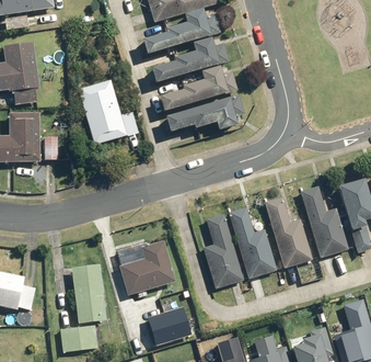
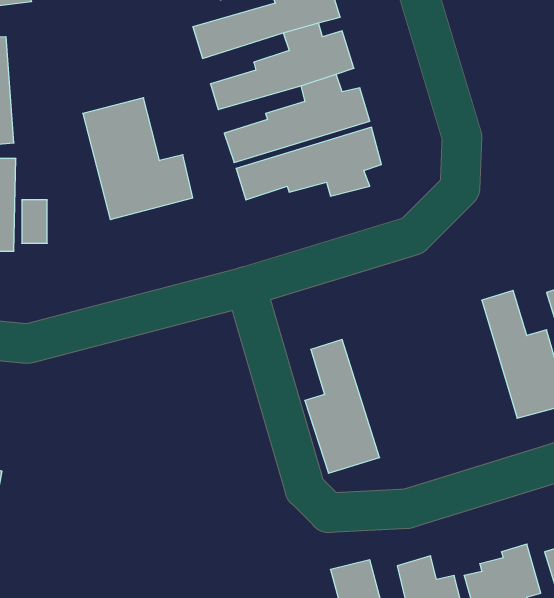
building: [264,196,312,267] -> none
building: [228,206,276,278] -> none
building: [116,239,176,296] -> none
building: [59,263,106,351] -> none
building: [143,305,192,347] -> none

